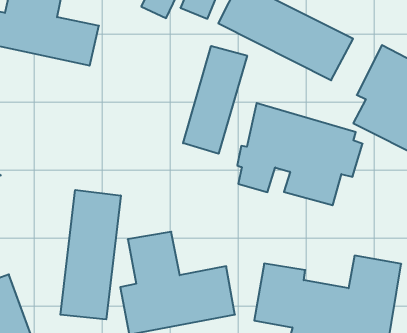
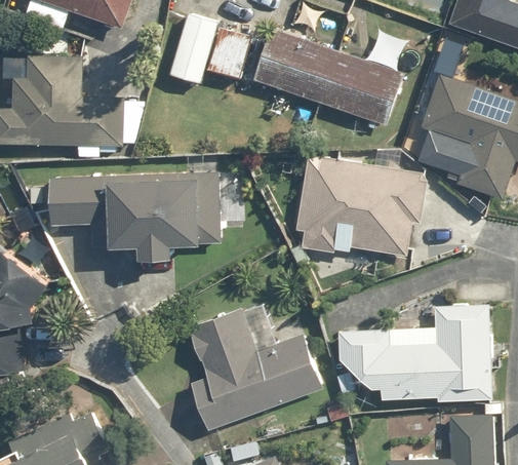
building: [183,46,247,154] -> none
building: none -> [49,178,221,261]
building: [60,190,121,319] -> none

